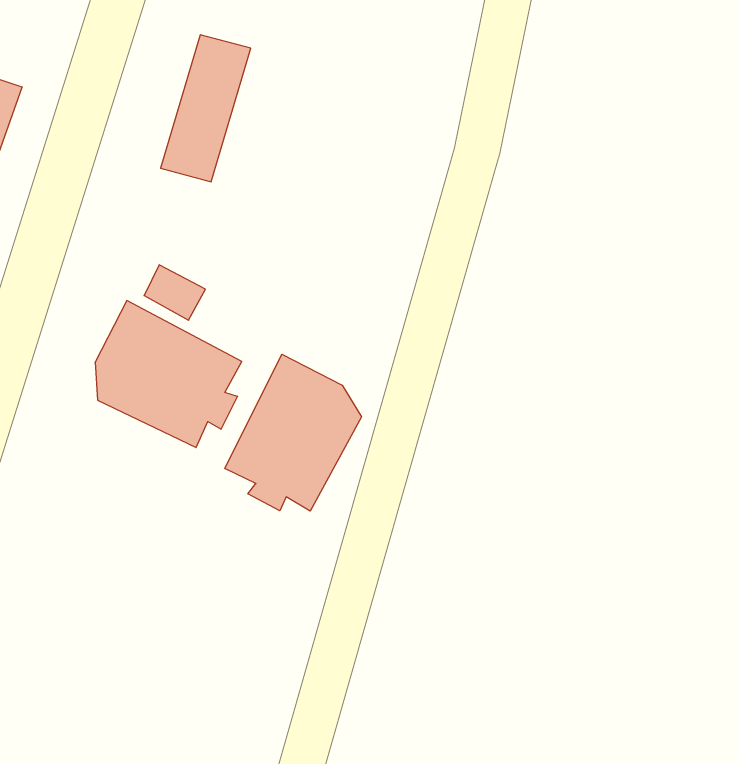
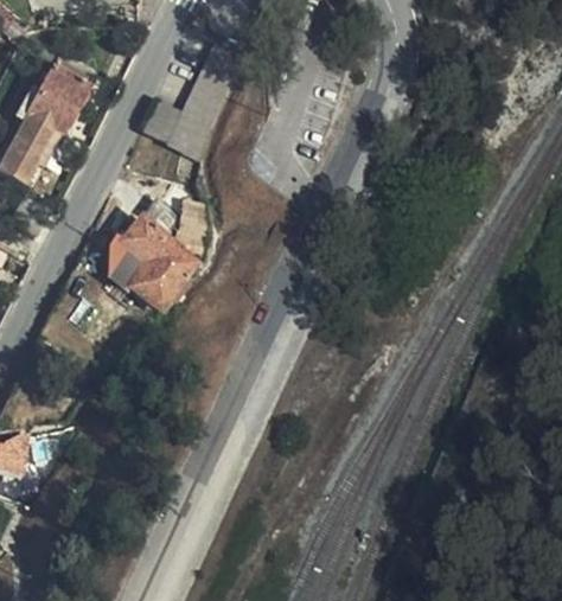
building: [225,354,362,511] -> none

